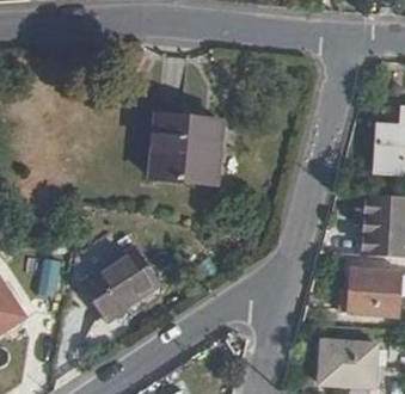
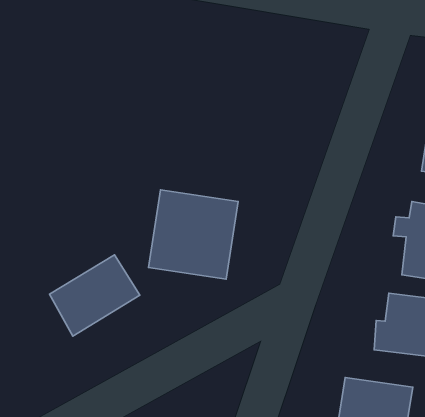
building: [149,118,217,186] -> [149,190,238,279]

